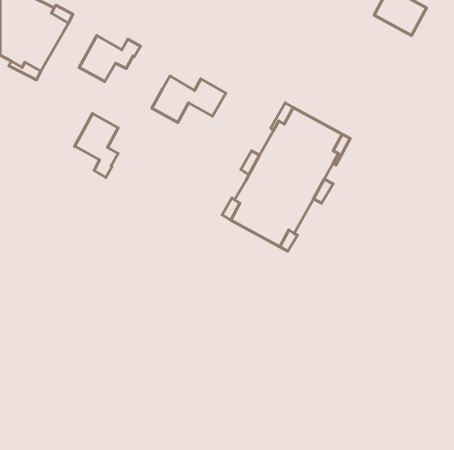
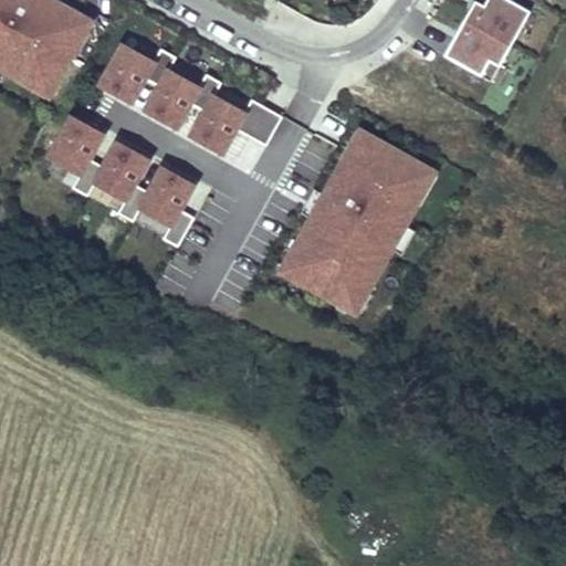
building: none -> [446,19,512,81]
building: none -> [144,70,220,127]
building: none -> [48,116,102,196]
building: none -> [138,167,193,247]

